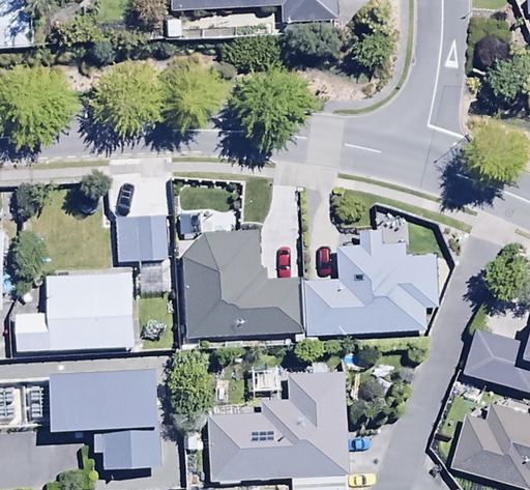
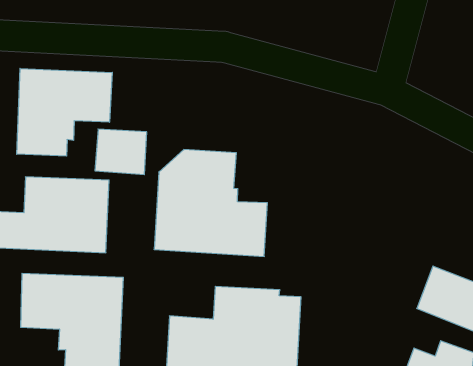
building: none -> [17,68,112,156]
building: [301,233,436,339] -> none

